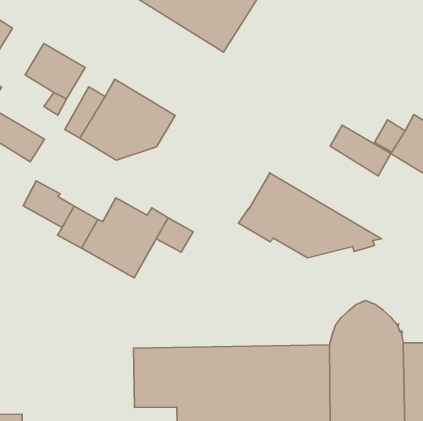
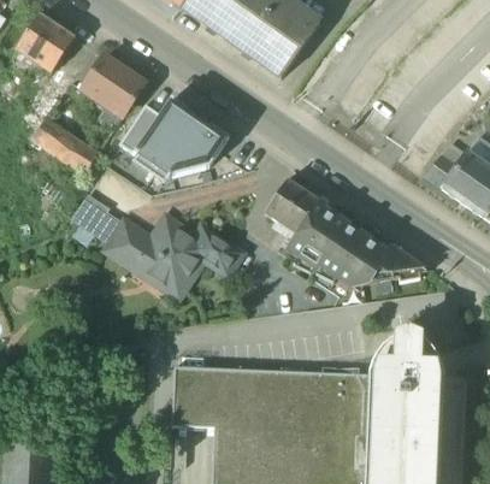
building: [330,125,391,176] -> none
building: none -> [265,181,319,235]

